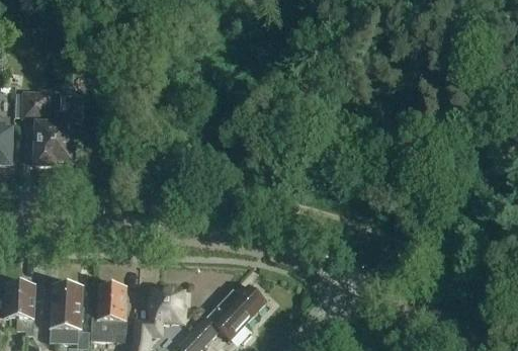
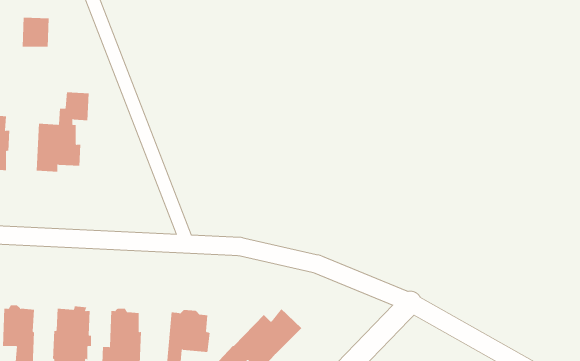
building: [23,90,48,116] -> [22,17,50,47]

